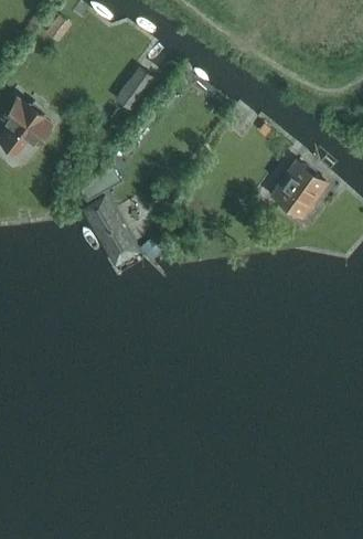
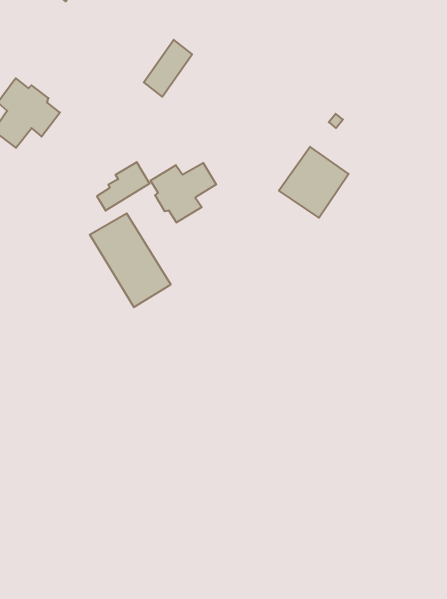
building: [271,159,325,214] -> [279,147,349,218]
building: none -> [151,163,216,223]

